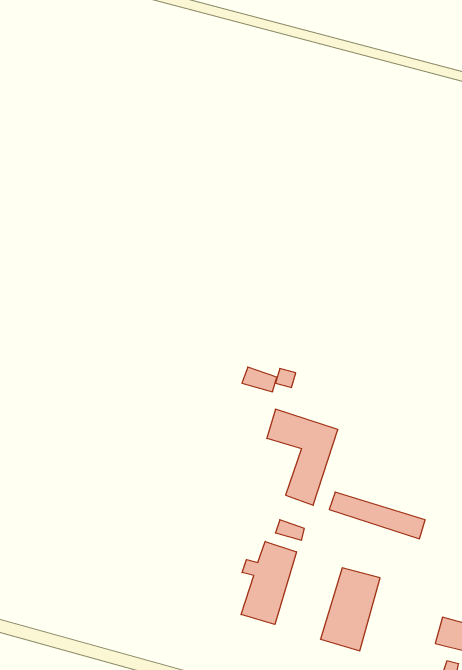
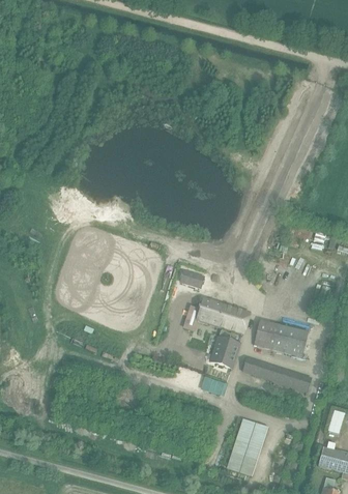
building: none -> [251,320,304,356]
building: [241,541,296,624] -> none

